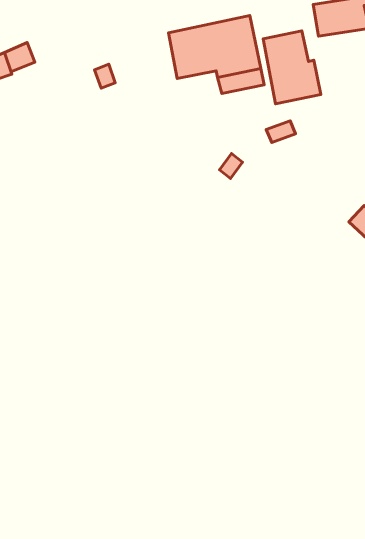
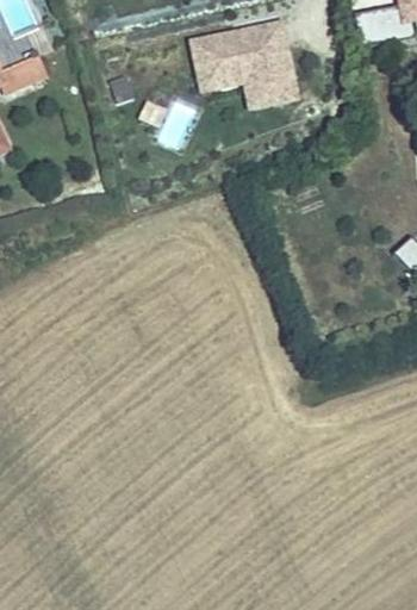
building: [263,31,321,104] -> none

